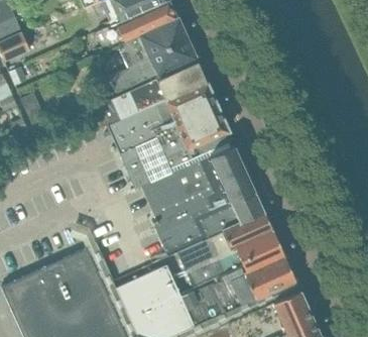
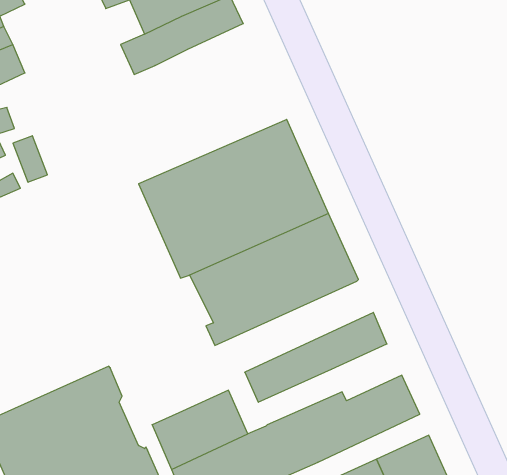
building: [109,16,196,92] -> none
building: [87,62,207,124] -> none
building: [158,190,265,255] -> none
building: [188,232,284,287] -> none

